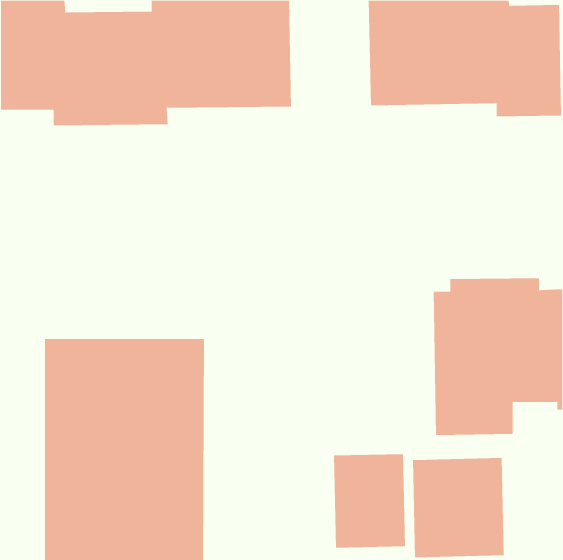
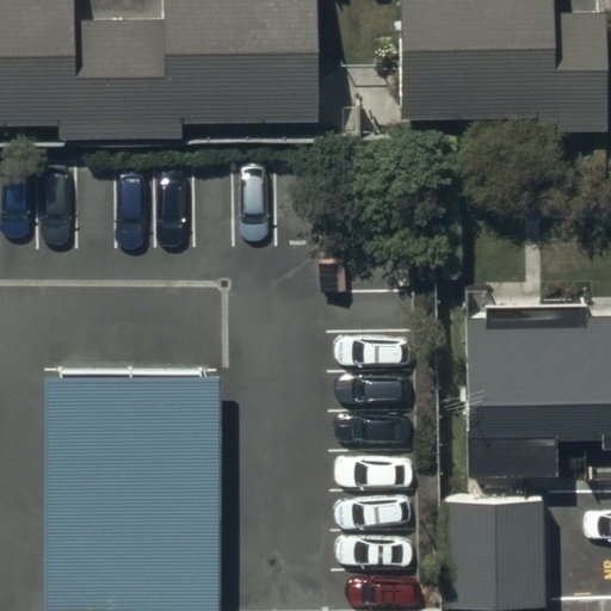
building: [333,453,406,548] -> none

